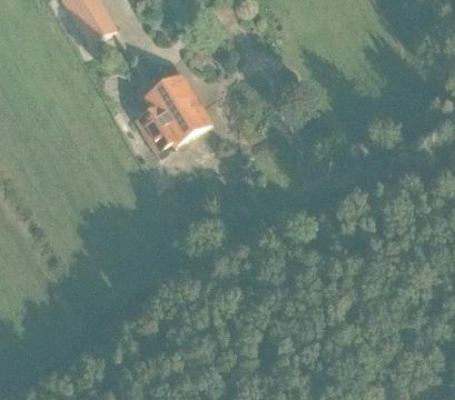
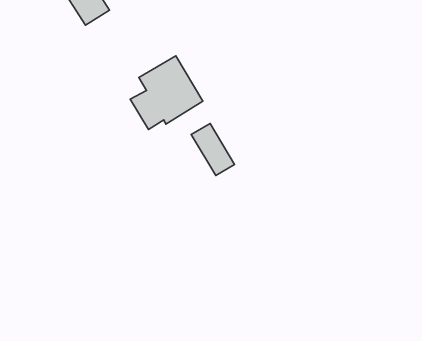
building: none -> [191,123,235,176]

